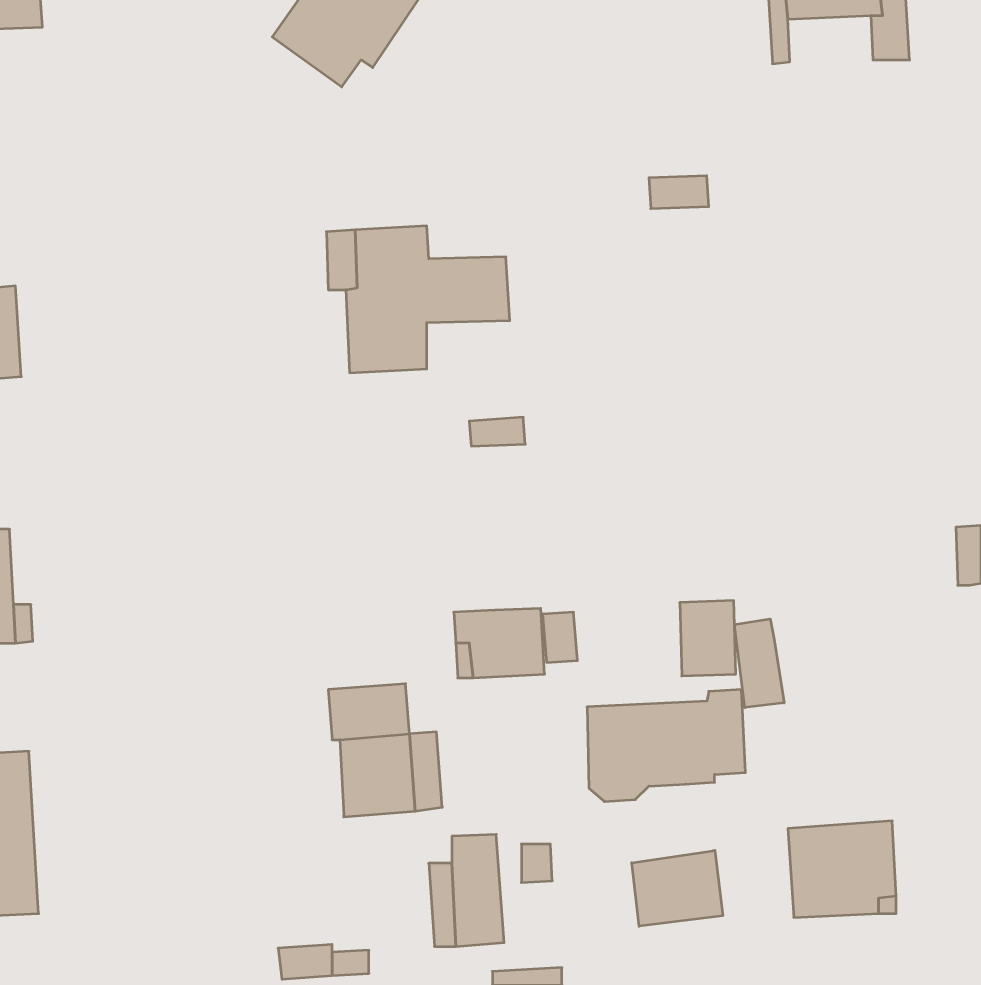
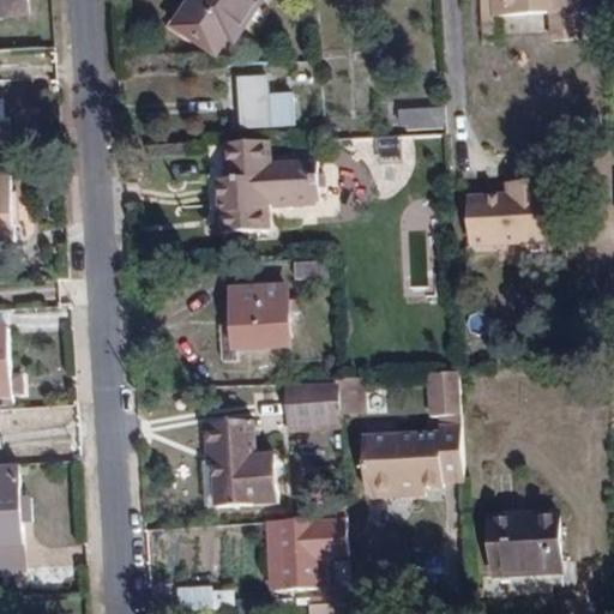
building: none -> [240,74,291,127]
building: none -> [465,188,546,245]
building: none -> [219,284,294,357]
building: [734,619,784,708] -> none
building: [632,850,723,926] -> none

